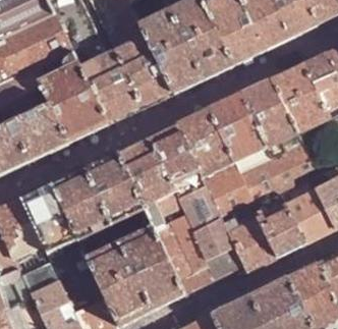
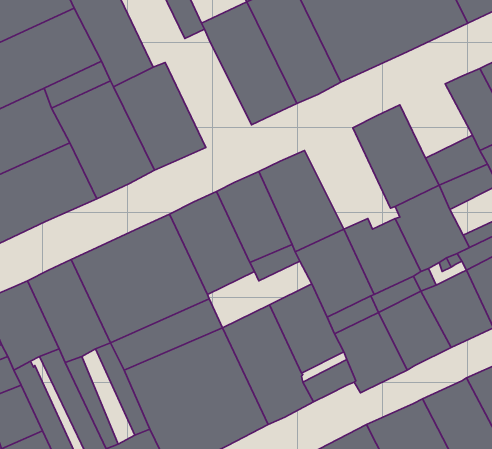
building: [114,36,172,108] -> none
building: [272,65,321,115] -> none
building: [208,95,266,163] -> none
building: [143,191,184,229] -> none

